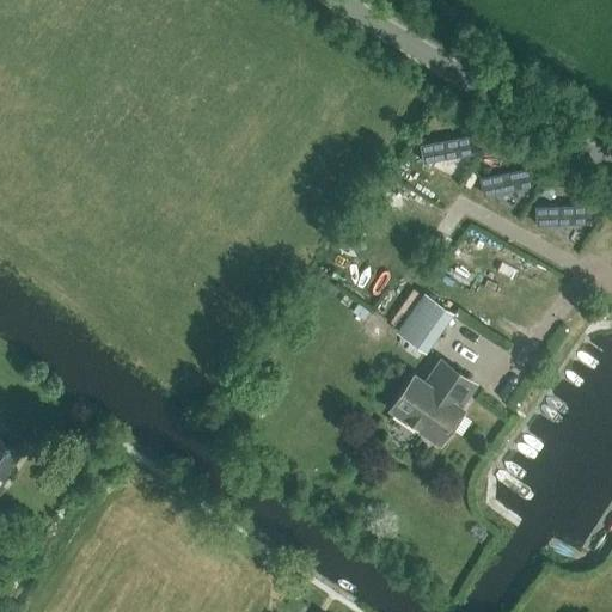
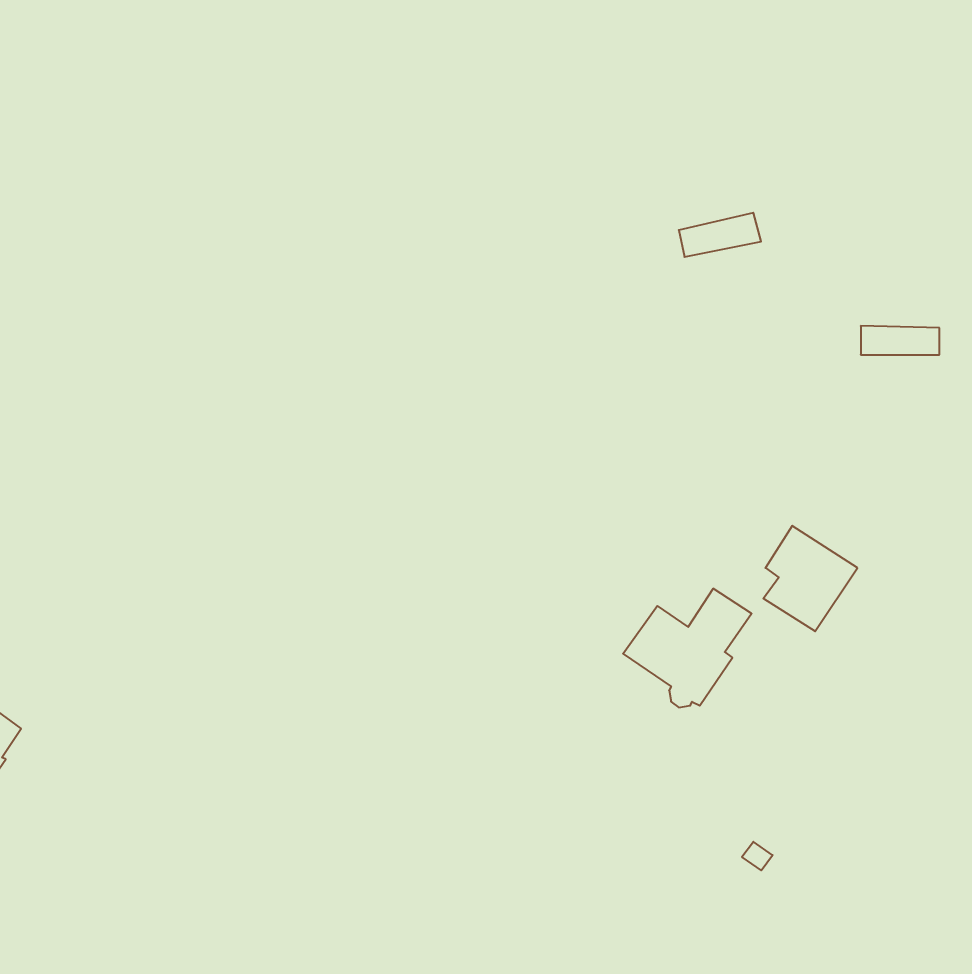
building: [483,173,533,194] -> none
building: [399,287,458,353] -> [763,526,857,631]

